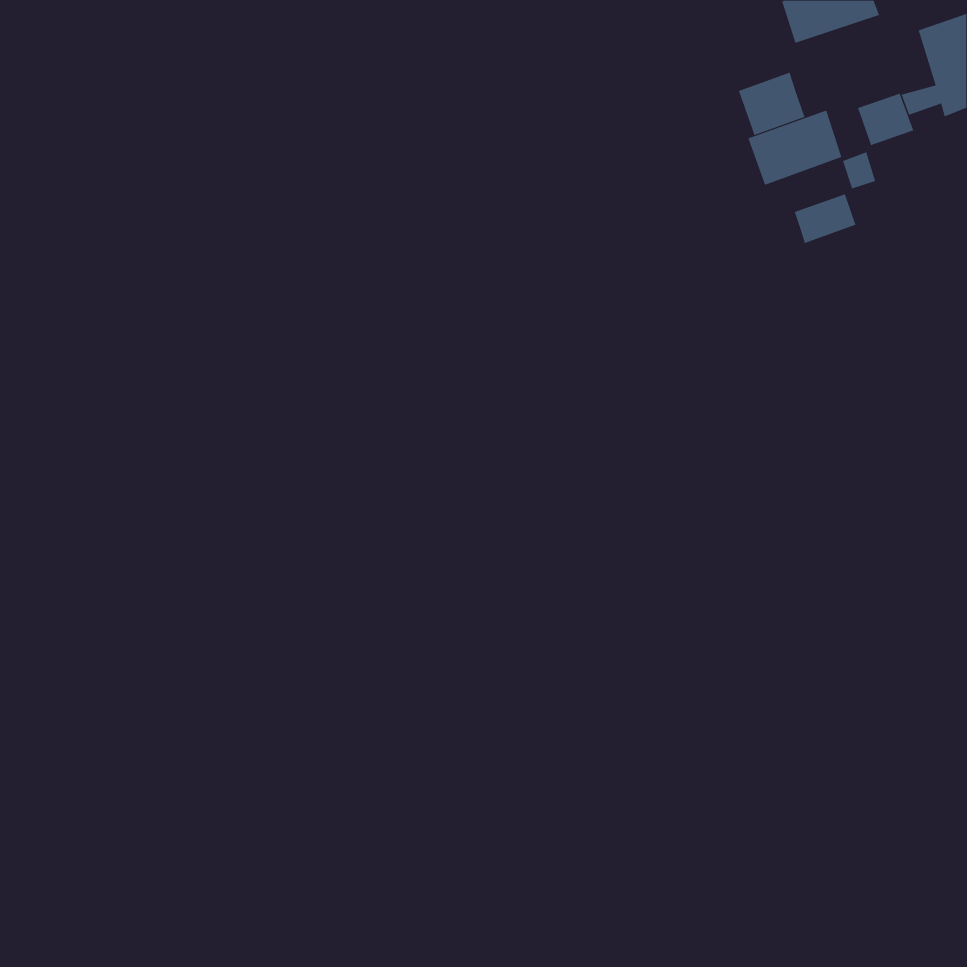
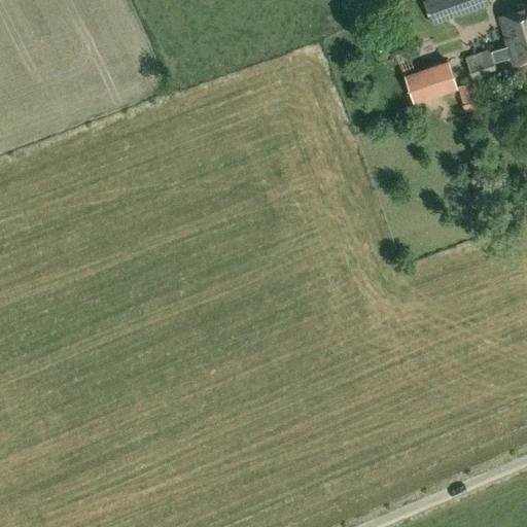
building: [738,72,806,136] -> none
building: [793,193,856,244] -> none

